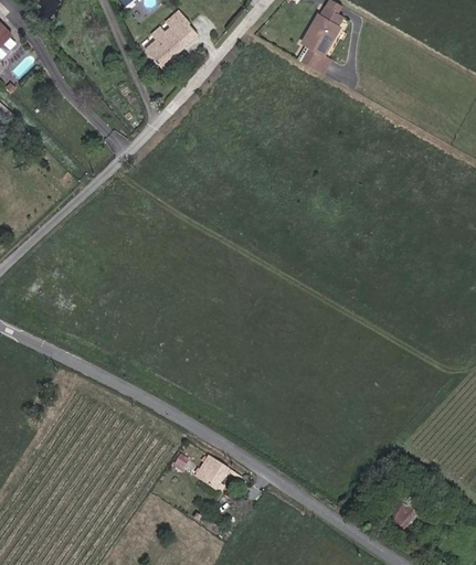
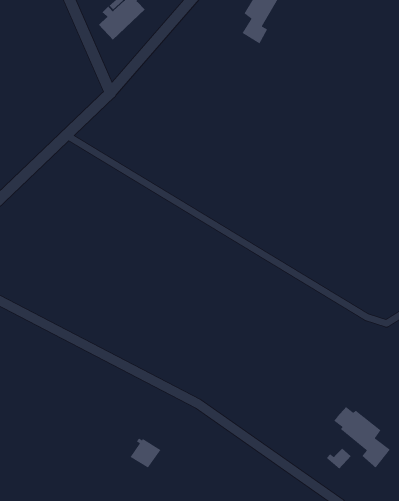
building: [195,459,230,492] -> [130,437,161,468]
building: none -> [333,406,391,468]

